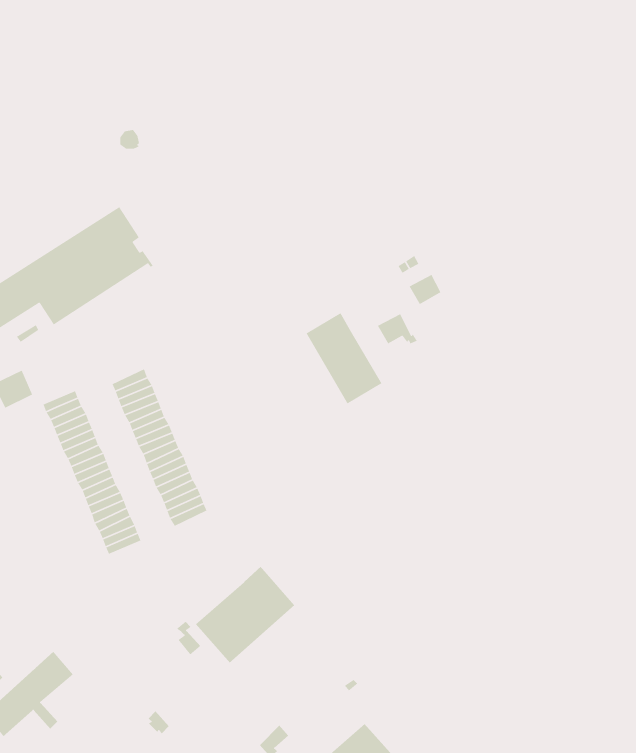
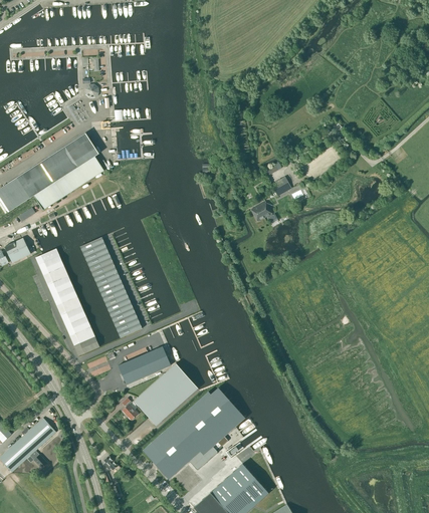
building: [305,312,383,404] -> none
building: none -> [118,346,171,384]
building: none -> [143,388,245,479]

